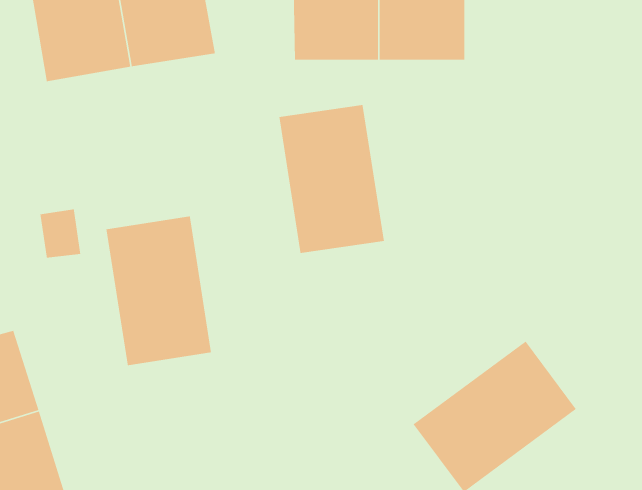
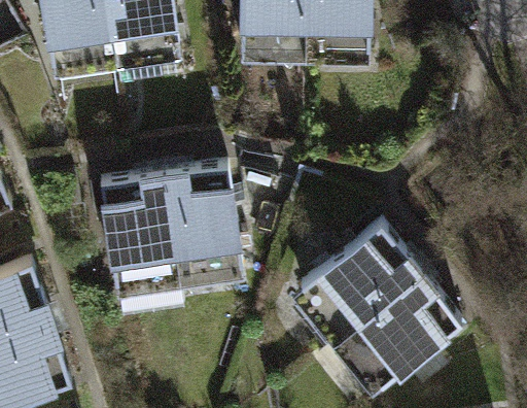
building: [278,104,385,254] -> [162,165,243,279]
building: none -> [292,218,418,334]

